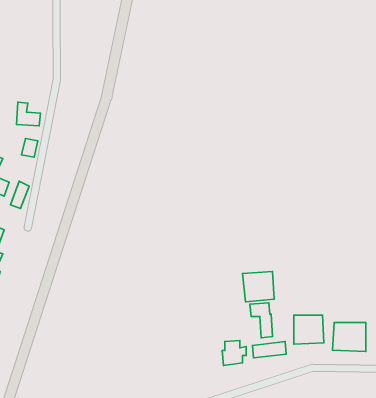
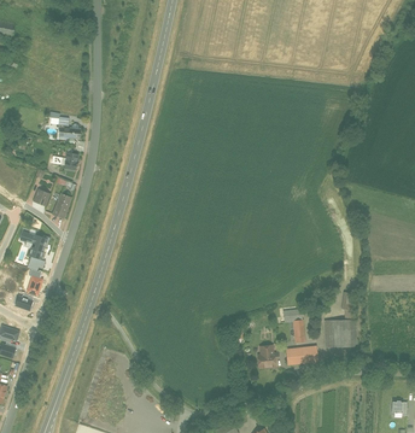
building: [243,272,274,302] -> none
building: [333,323,366,352] -> none

